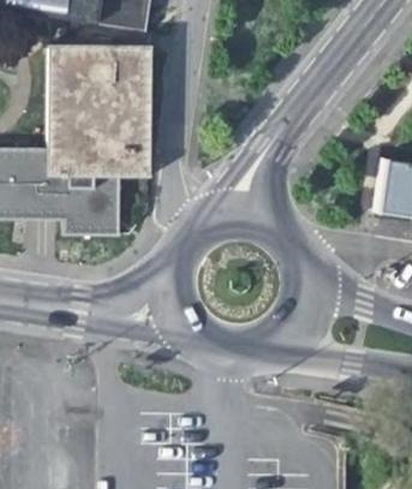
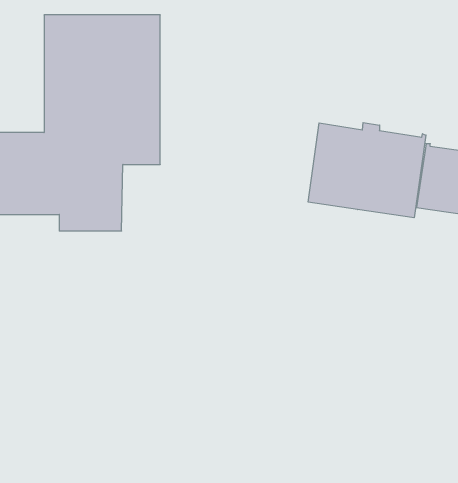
building: none -> [308,123,426,218]

